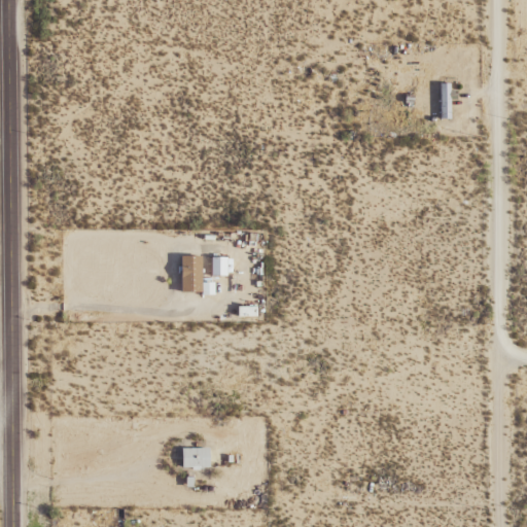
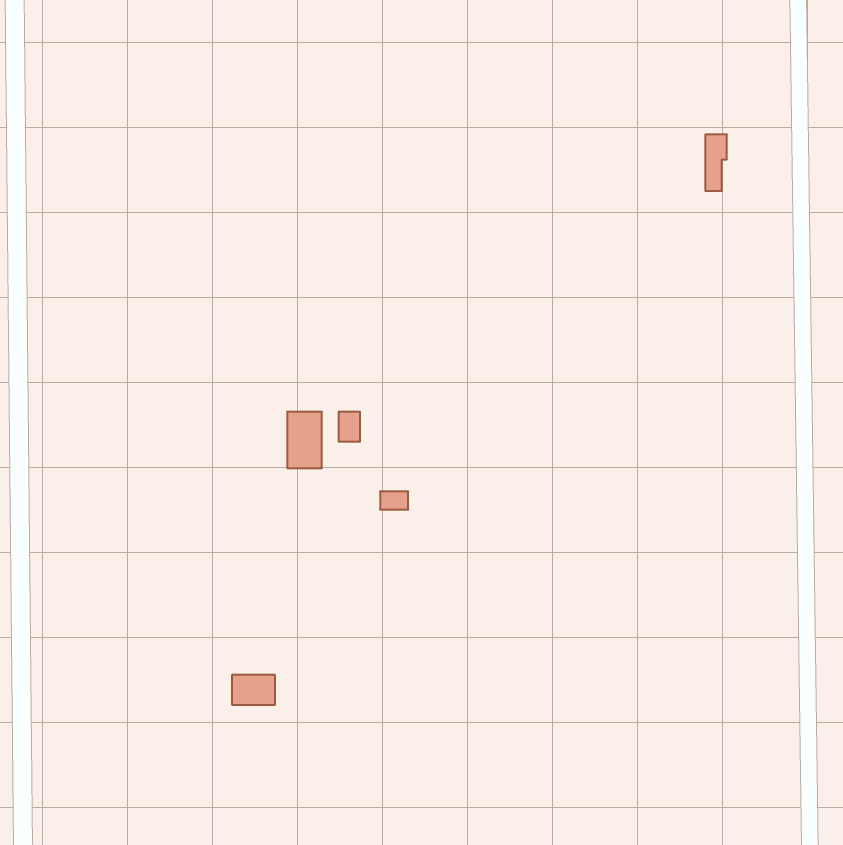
building: [183,448,210,466] -> [232,675,275,705]

